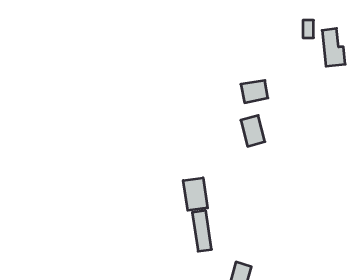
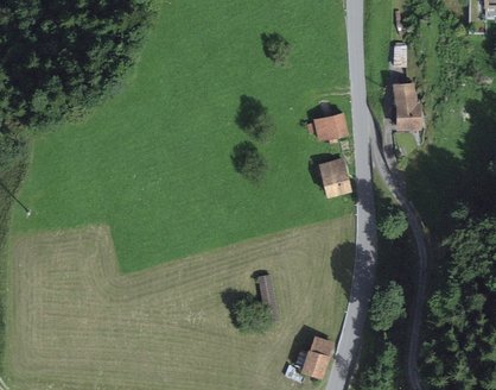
building: [322,28,345,66] -> [393,82,421,128]
building: [183,178,208,210] -> none

